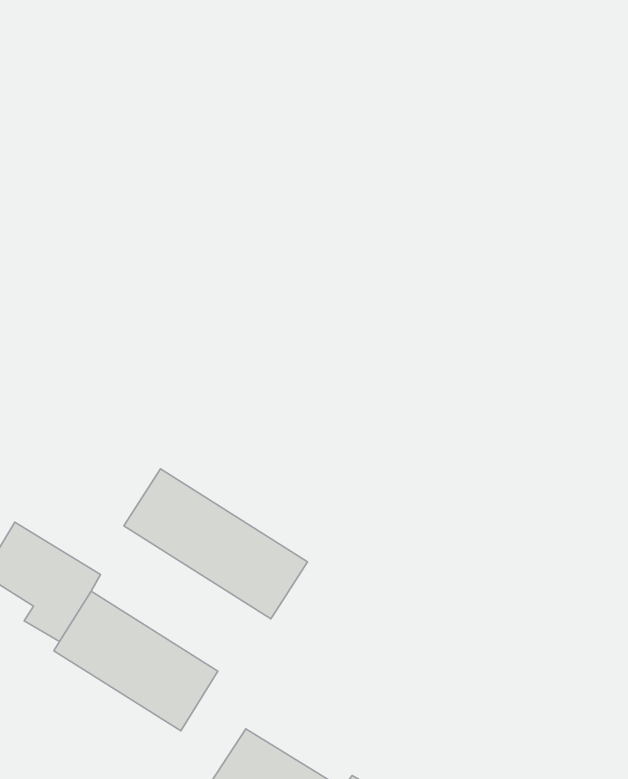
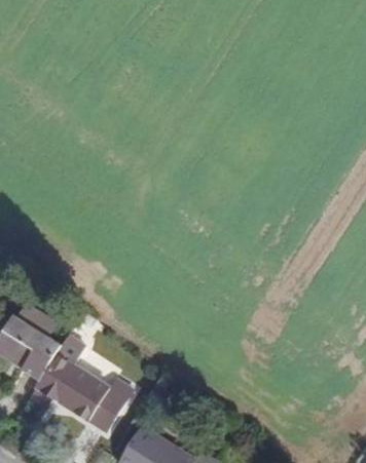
building: [124,469,307,619] -> none

